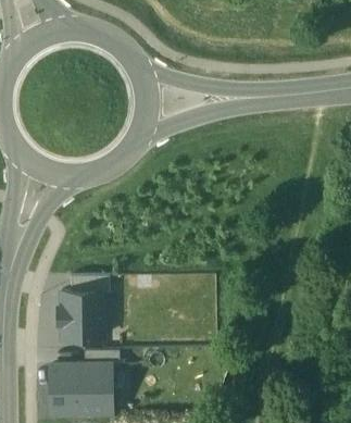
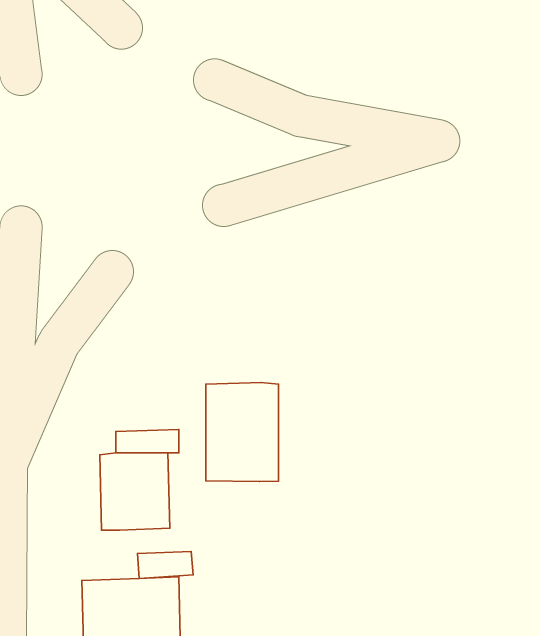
building: none -> [206,383,279,482]

